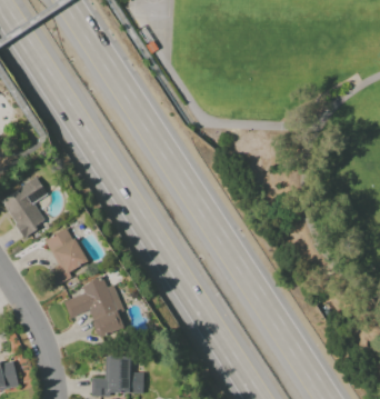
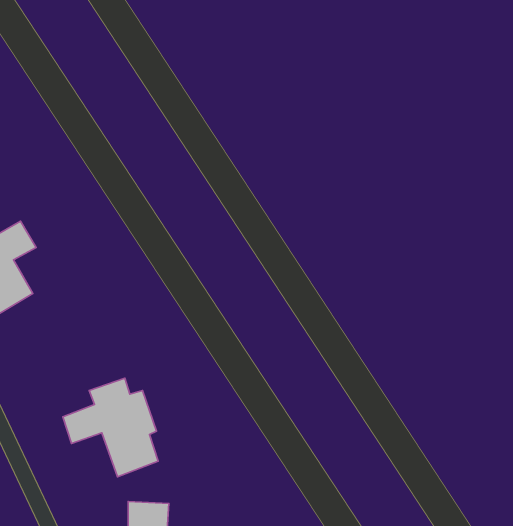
building: [43,227,88,283] -> none

